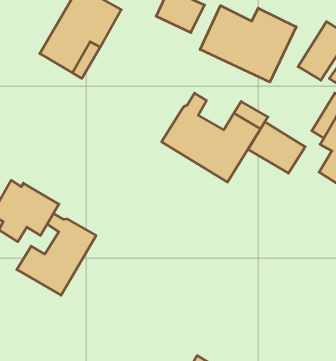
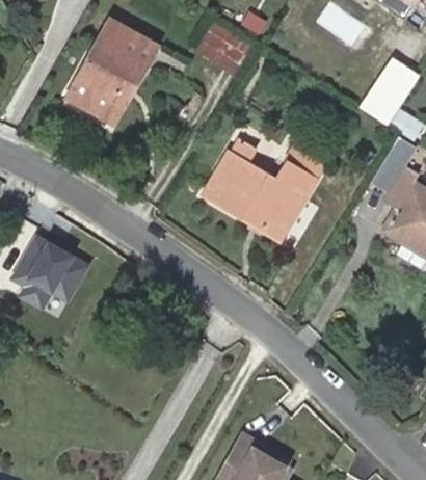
building: [200,6,296,82] -> none
building: [248,122,305,173] -> none
building: [17,213,96,295] -> none

